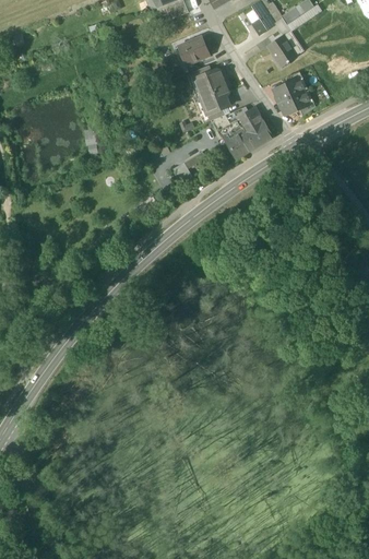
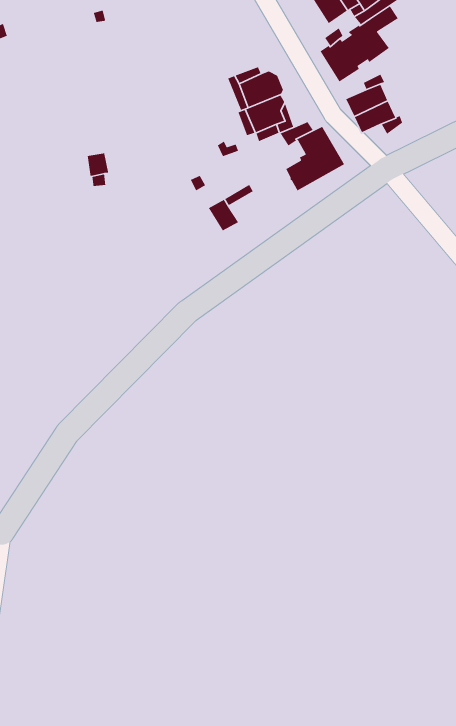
building: [177,36,209,62] -> none

